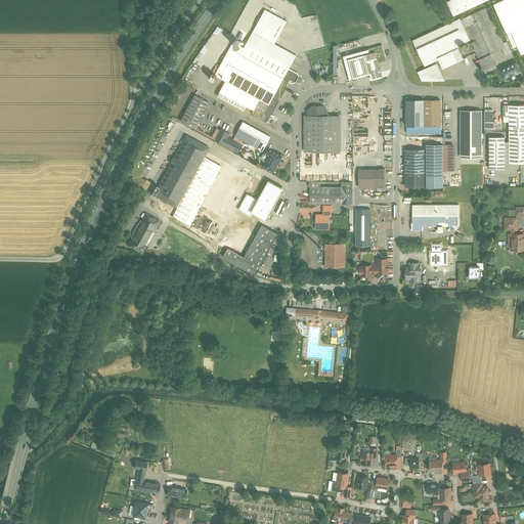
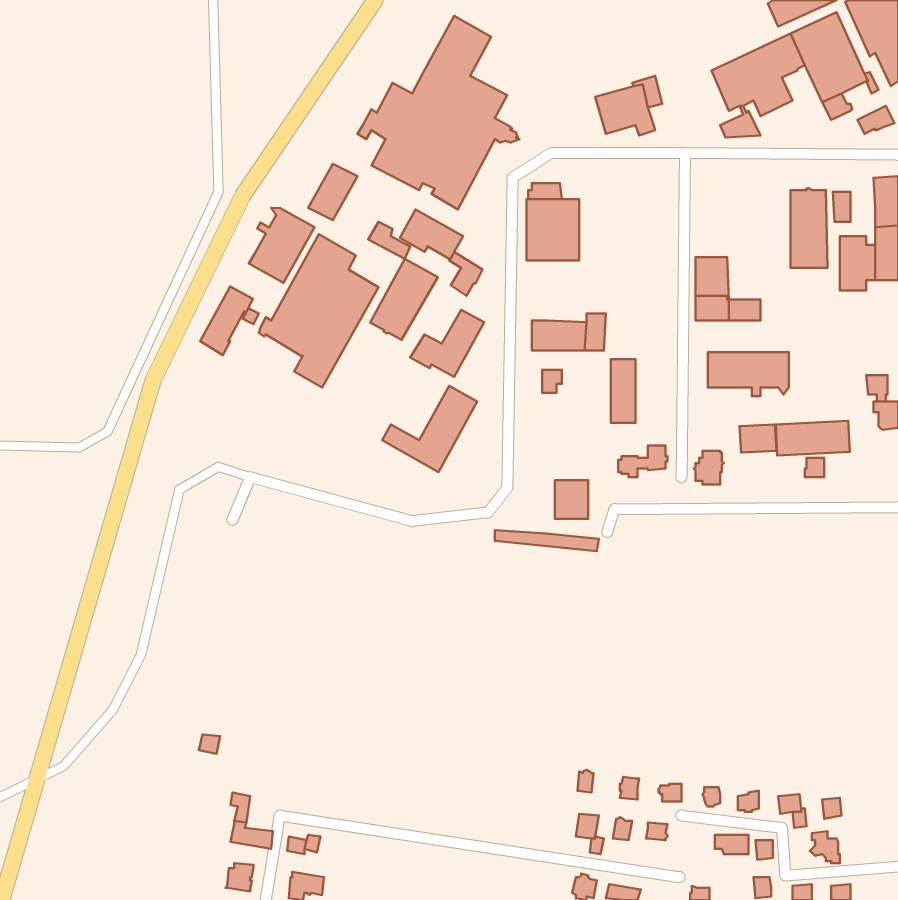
building: [405,100,439,126] -> none
building: none -> [249,208,314,283]
building: [423,145,442,174] -> none
building: none -> [370,259,438,340]
building: [358,169,384,187] -> none
building: [127,213,158,253] -> [200,287,253,355]
building: [324,244,344,266] -> [555,480,588,519]
building: none -> [776,421,850,456]

